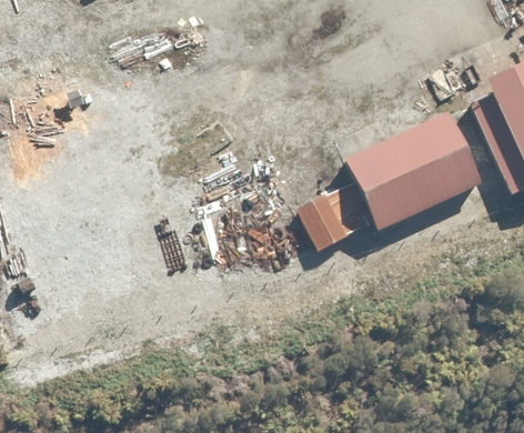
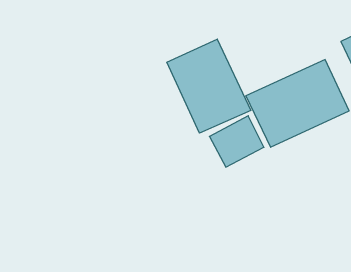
building: none -> [167,39,251,133]

